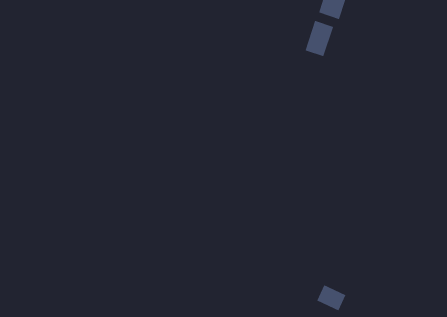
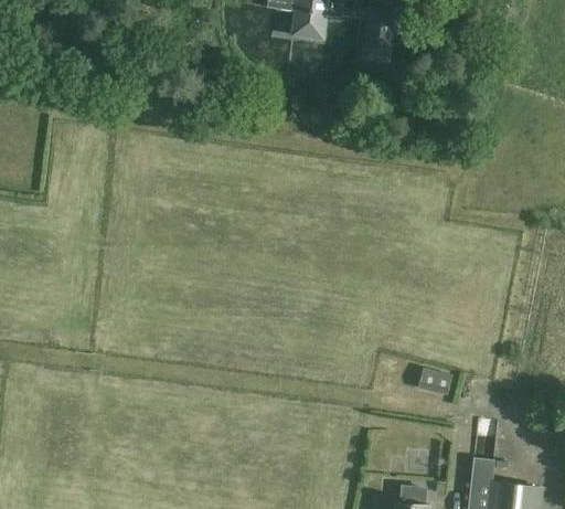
building: [304,20,334,57] -> none

